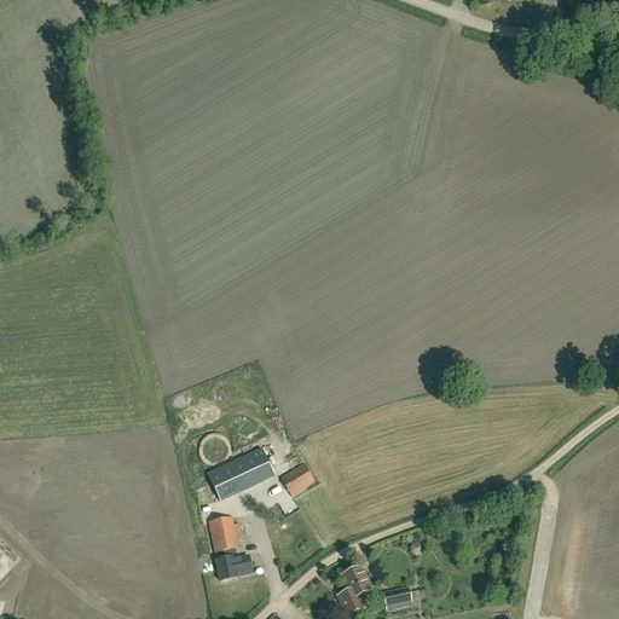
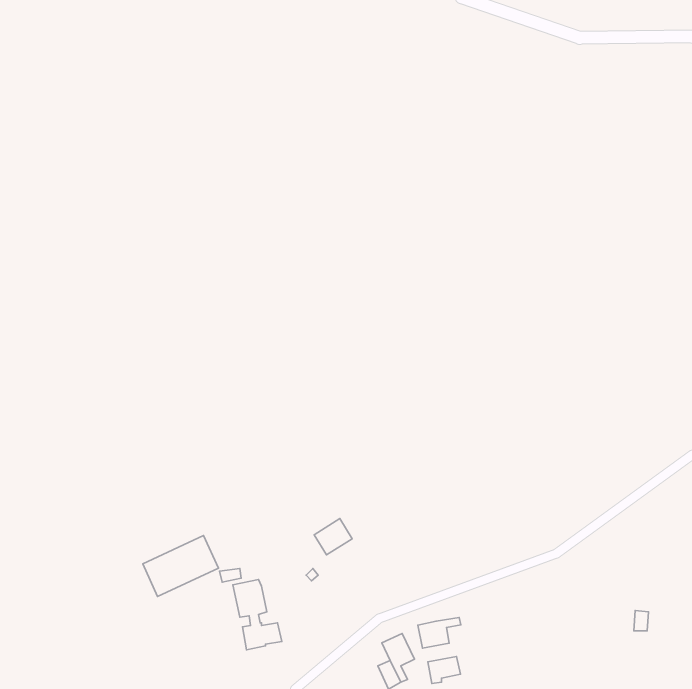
building: [207,447,274,502] -> [143,536,219,596]
building: none -> [418,618,461,648]

